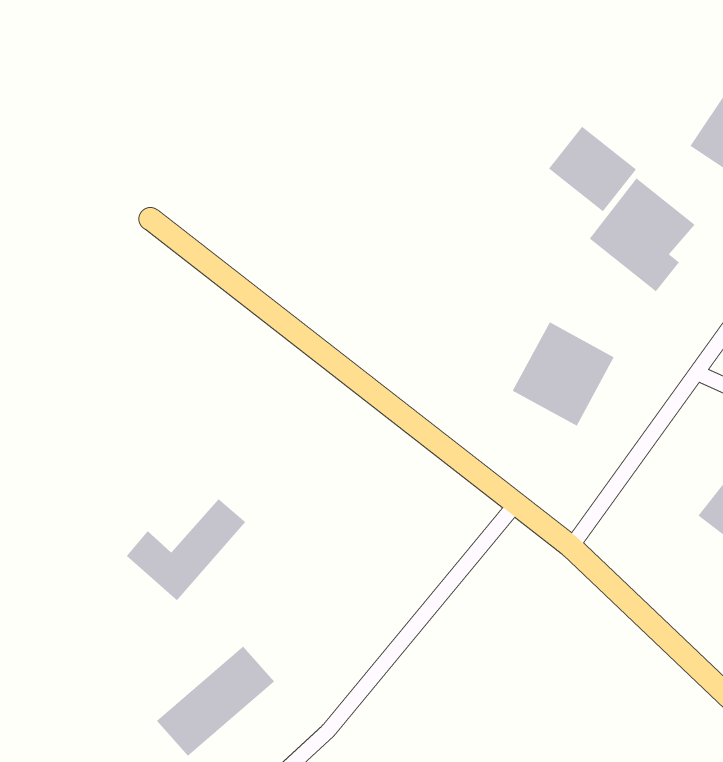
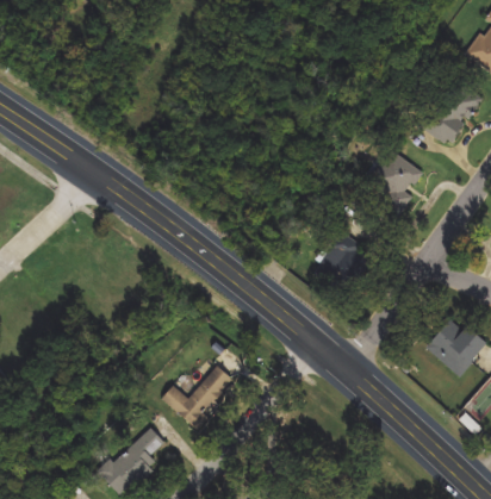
building: [548,126,637,212] -> none
building: [126,498,246,601] -> [159,366,231,428]

